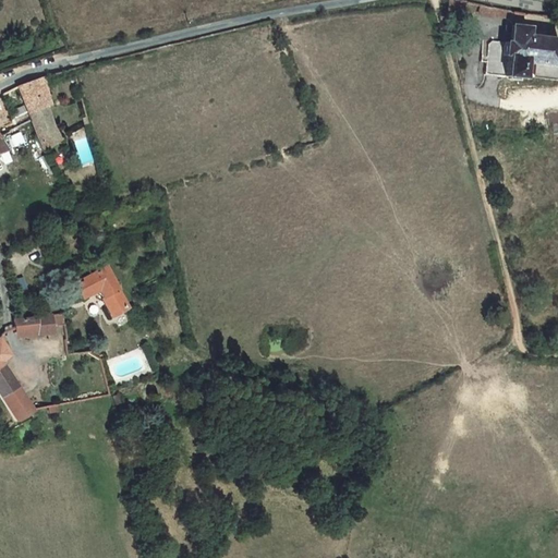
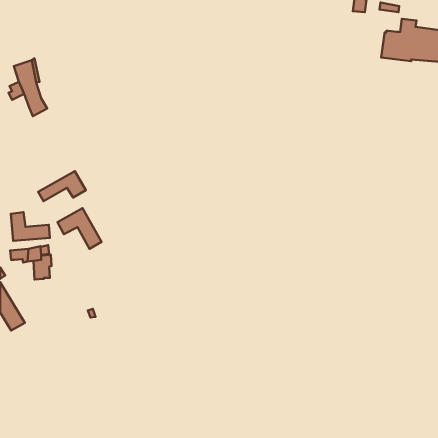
building: none -> [38,171,86,201]
building: none -> [11,212,50,241]

